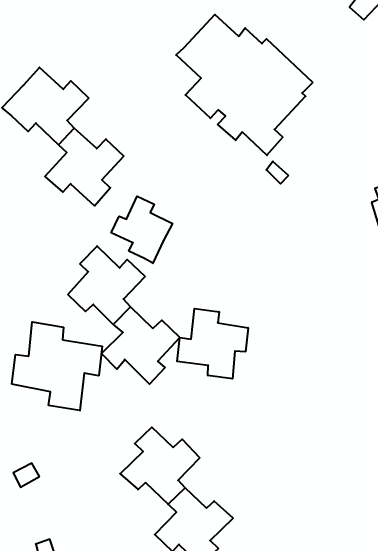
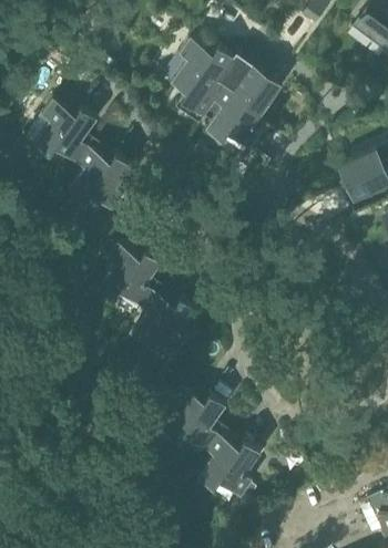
building: [111,196,172,263] -> none
building: [177,309,248,379] -> none
building: [12,322,102,411] -> none

